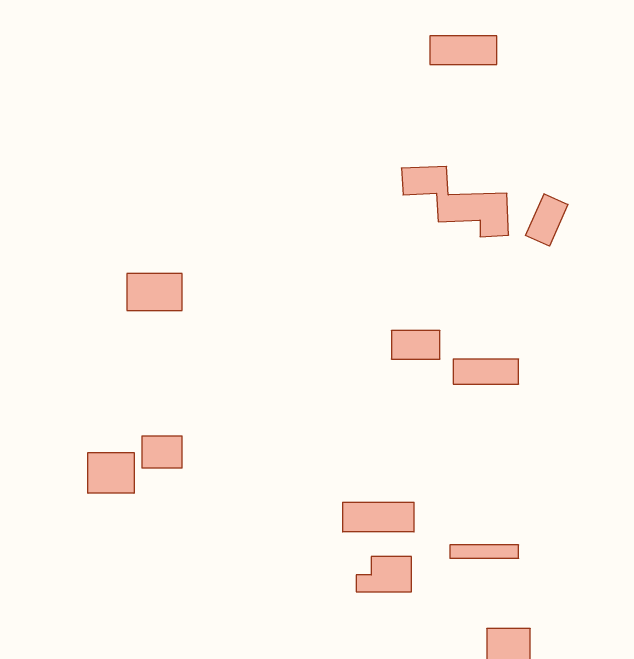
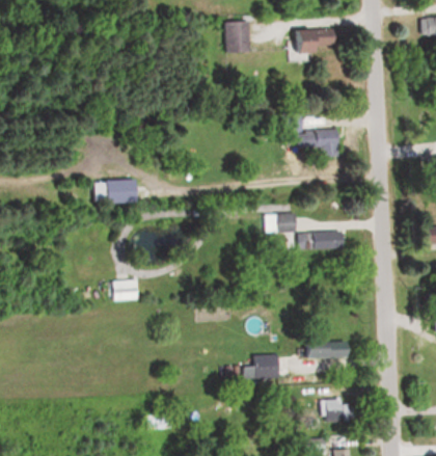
building: none -> [227,23,246,50]
building: [526,194,568,246] -> none
building: [88,453,134,493] -> none
building: [343,502,414,532] -> none

